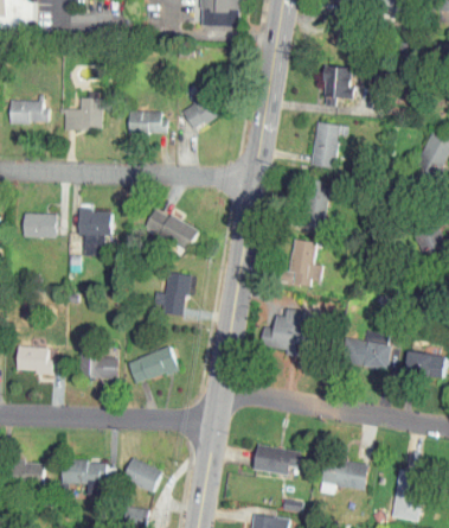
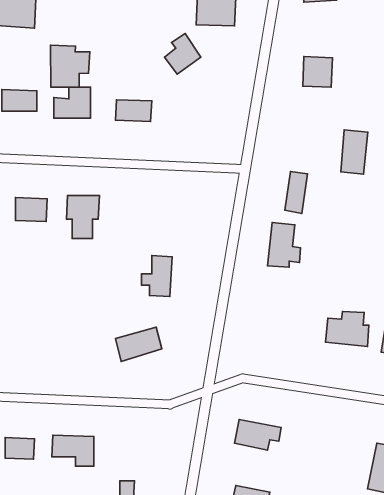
building: none -> [50,45,90,87]
building: [180,87,218,129] -> [165,33,201,74]
building: [309,121,338,167] -> [341,130,368,174]
building: [141,208,197,249] -> none
building: [261,310,313,352] -> none
building: [15,345,51,373] -> none
building: [78,352,117,377] -> none
building: [122,457,161,492] -> none
building: [322,460,367,484] -> none

